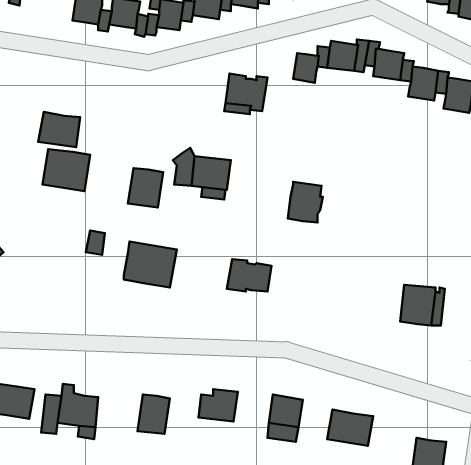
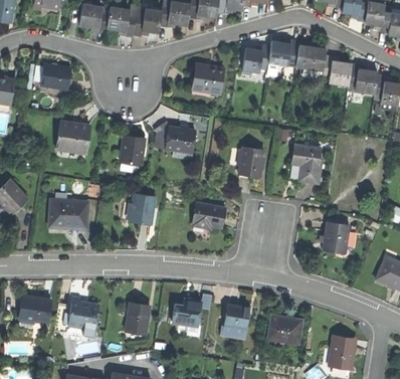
building: [38,112,80,147] -> [39,62,70,88]
building: none -> [290,144,321,184]
building: none -> [49,198,88,228]

